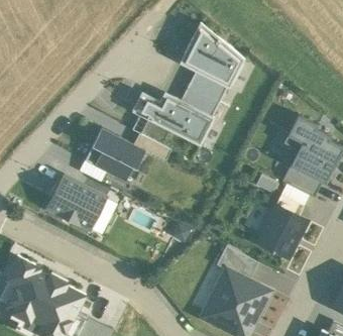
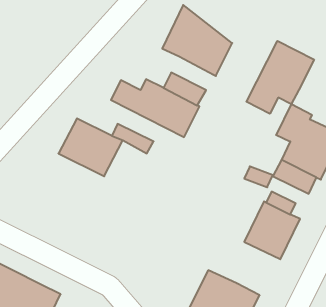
building: none -> [246,41,314,114]
building: [187,71,226,102] -> none
building: [46,178,110,233] -> none
building: [214,246,256,281] -> none

